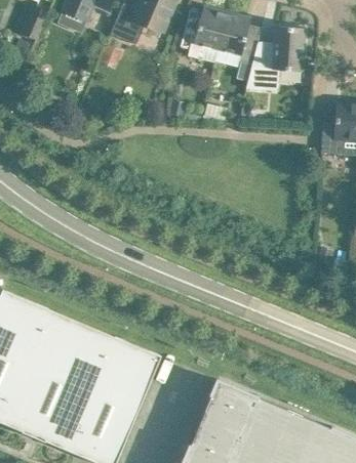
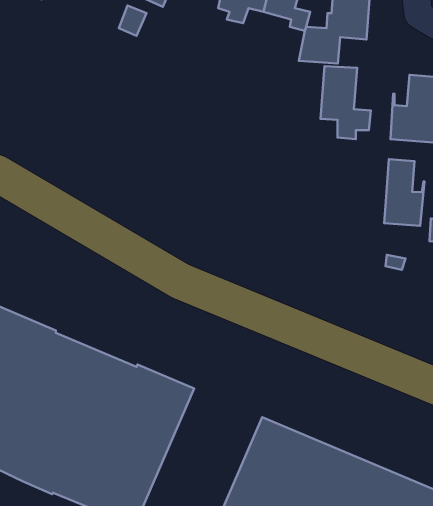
building: none -> [320,66,371,139]
building: none -> [384,159,424,226]

